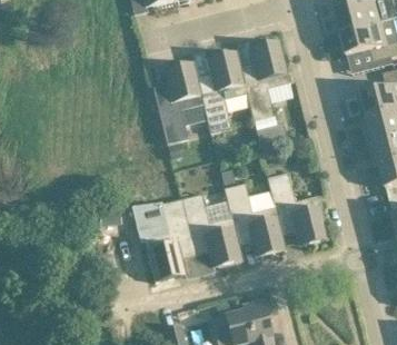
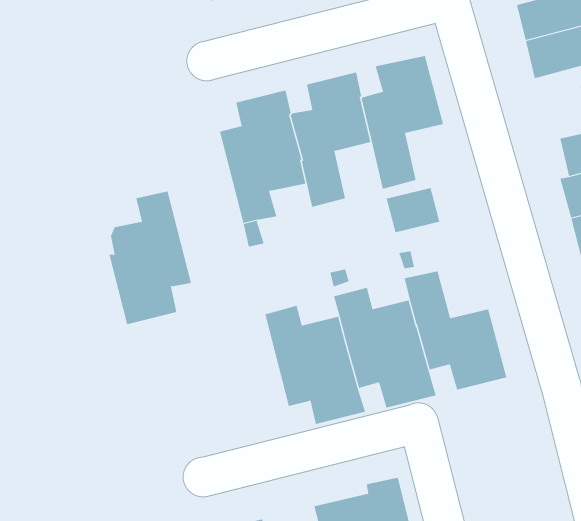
building: [143,198,195,280] -> [108,191,192,325]

